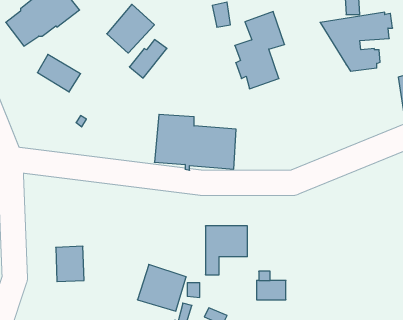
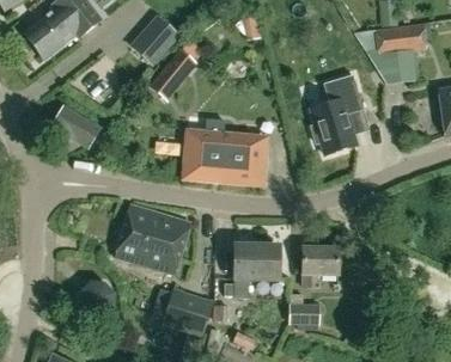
building: [235,12,285,89] -> [306,73,359,154]
building: [37,54,81,92] -> [53,106,98,146]
building: none -> [115,204,190,274]
building: none -> [303,246,339,287]

